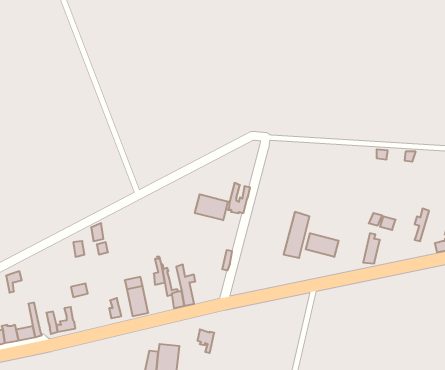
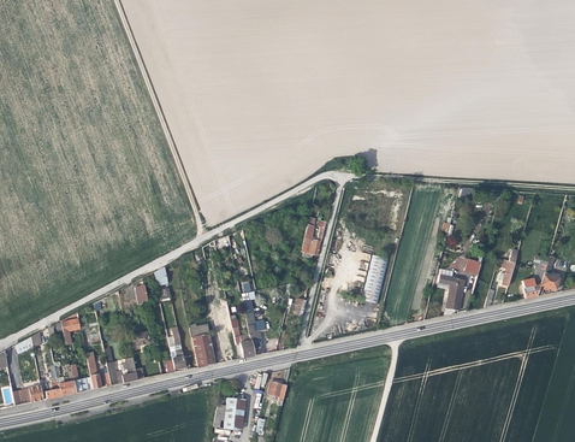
building: [195,194,228,220] -> none
building: [306,233,339,257] -> none

